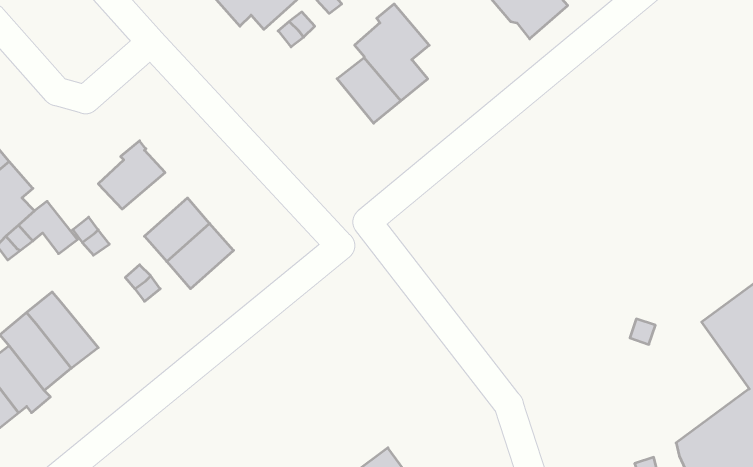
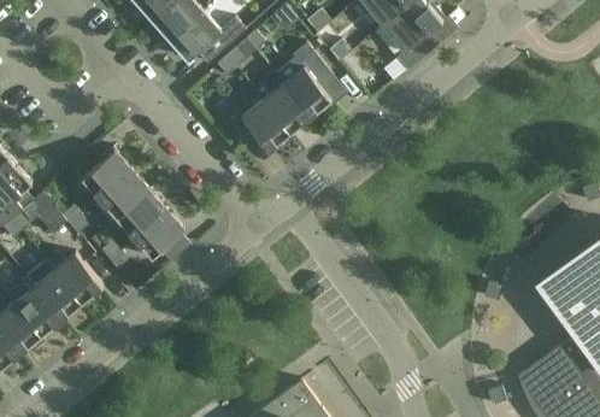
building: none -> [228,100,289,151]
building: none -> [99,171,148,219]
building: none -> [53,253,101,304]

